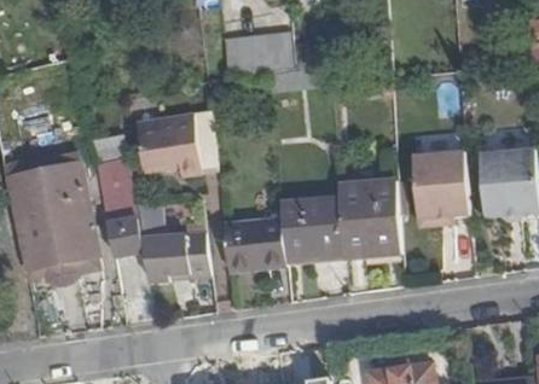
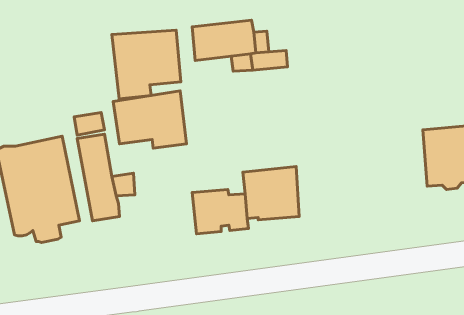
building: none -> [112,30,181,99]
building: [413,152,469,219] -> none
building: [338,180,401,258] -> none
building: [141,233,210,281] -> none

